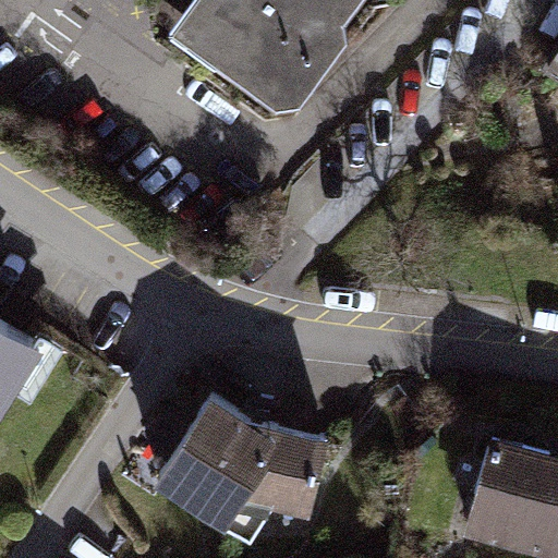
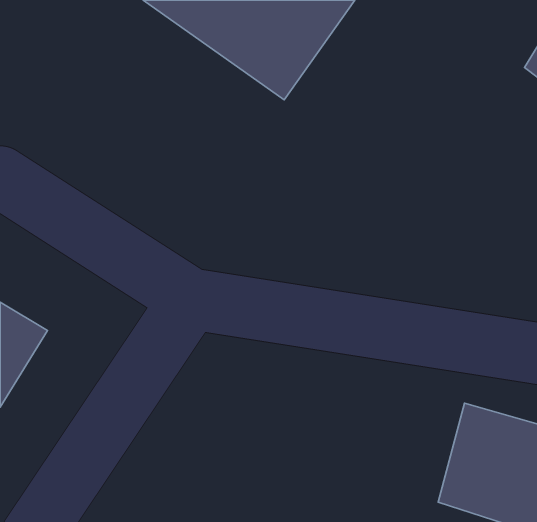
building: [143,393,316,523] -> none

